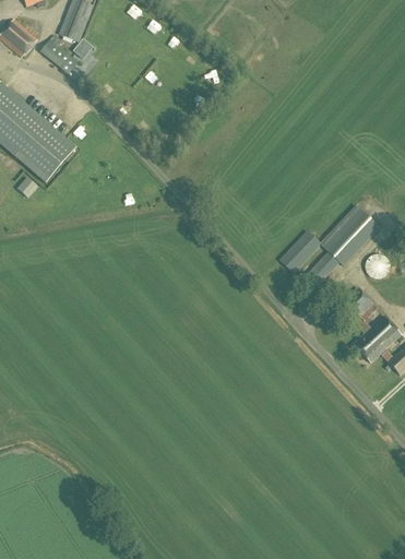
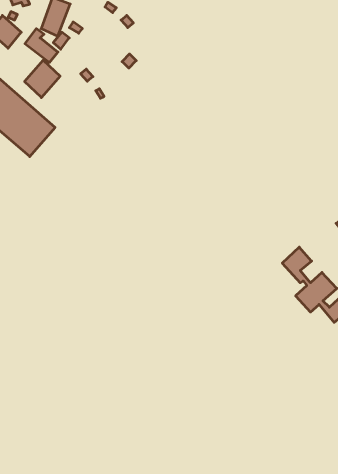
building: none -> [25,60,60,98]
building: [279,205,379,289] -> none

